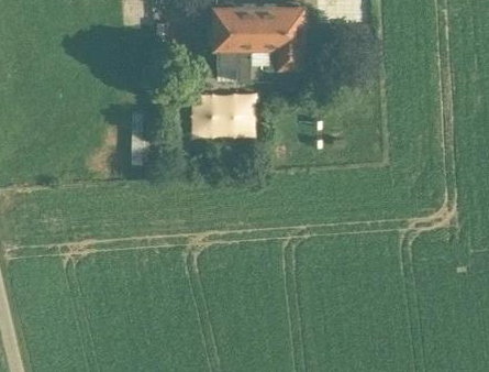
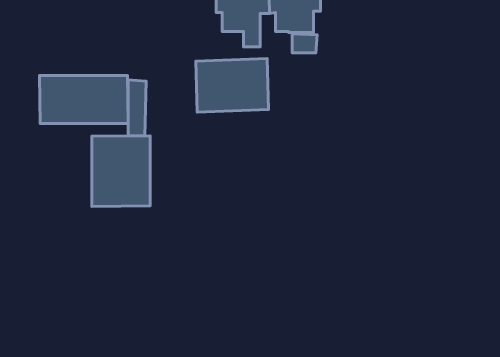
building: none -> [40,75,128,124]
building: none -> [92,136,150,206]

